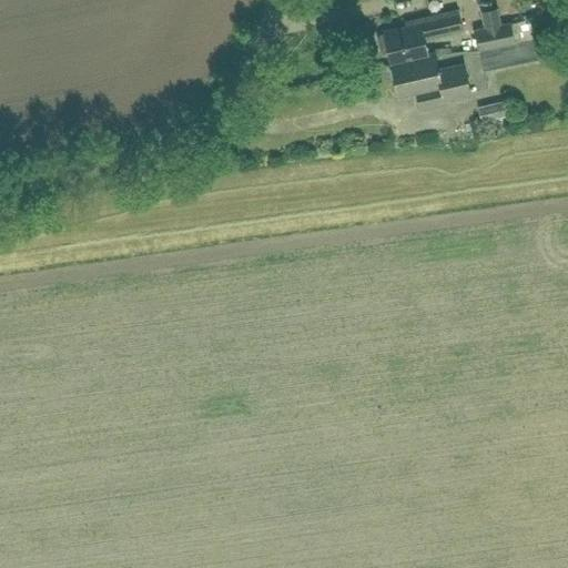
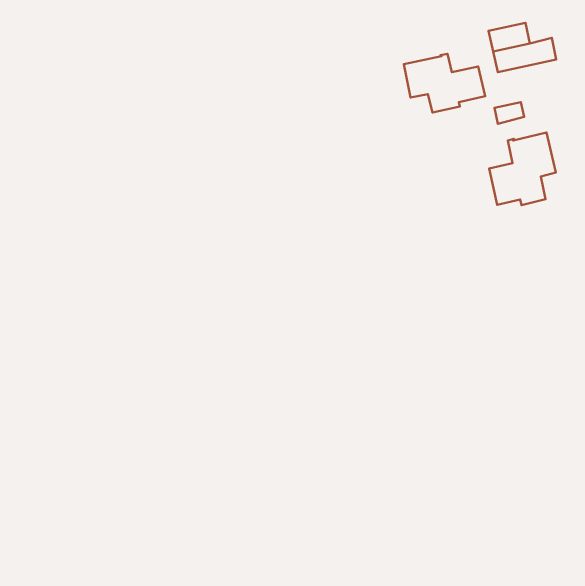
building: [377,10,460,62] -> none
building: none -> [489,132,556,205]

